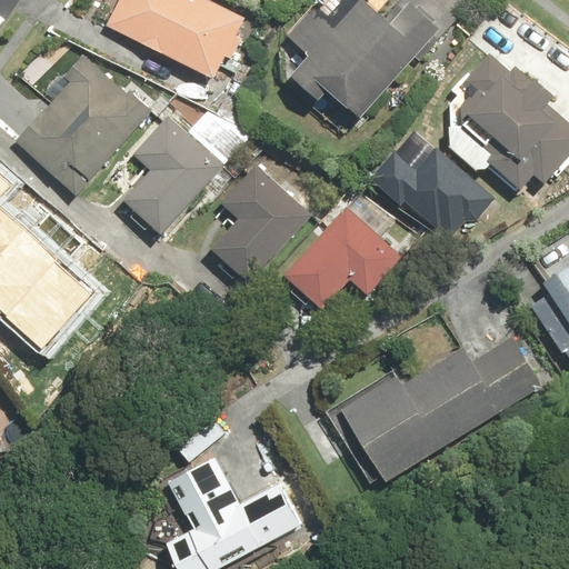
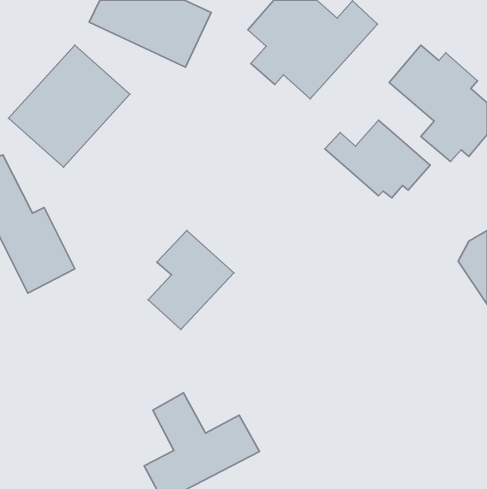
building: [117,117,221,237] -> none
building: [211,168,310,282] -> [148,231,234,329]
building: [283,209,397,310] -> none
building: [341,340,540,480] -> none

